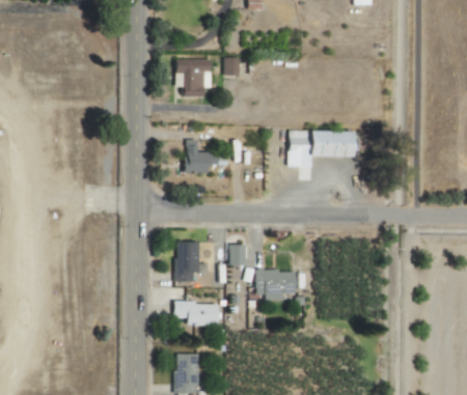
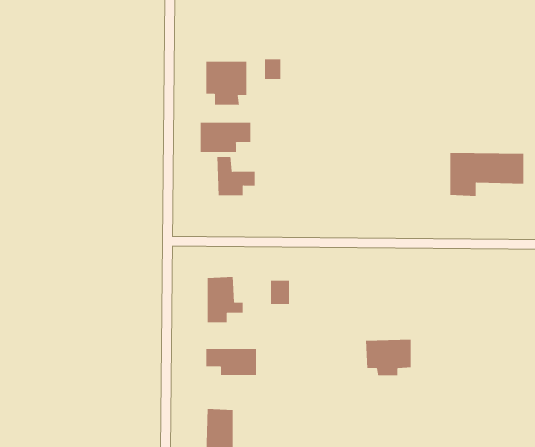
building: none -> [200,122,251,153]
building: [289,130,352,167] -> [450,152,524,196]
building: [256,270,296,301] -> [365,339,412,376]

